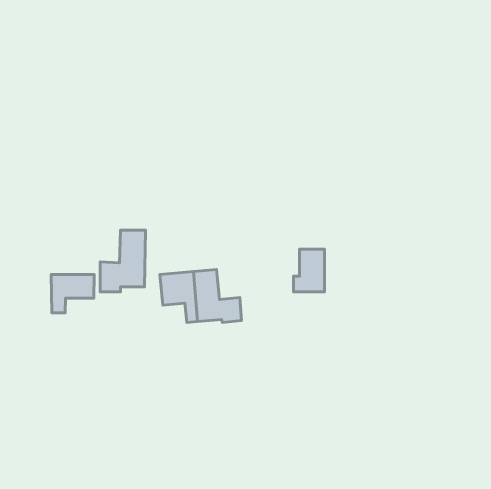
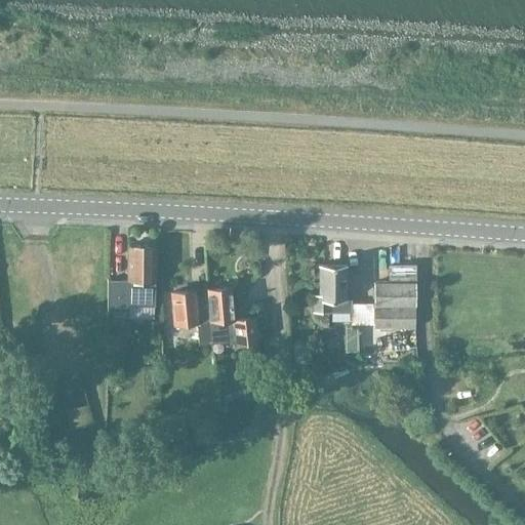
building: none -> [374,268,416,331]
building: [51,275,94,313] -> none

